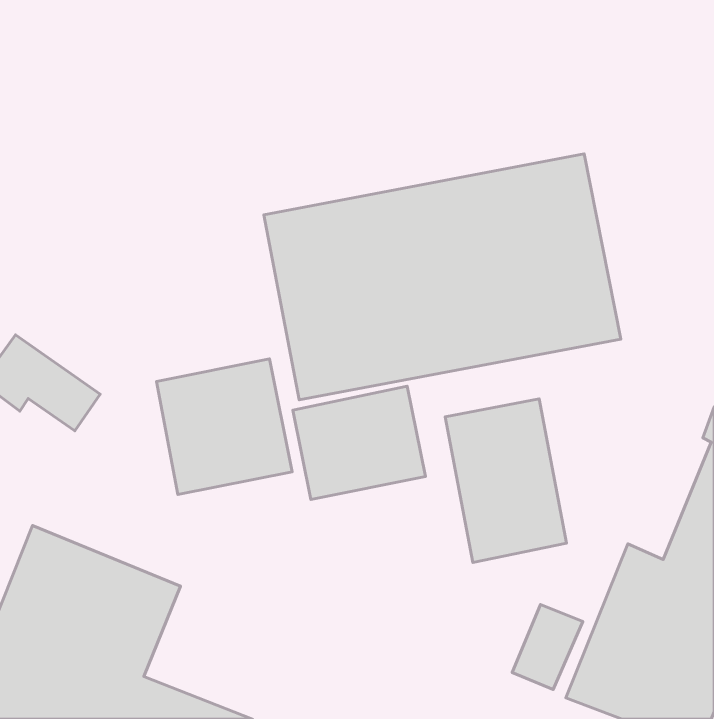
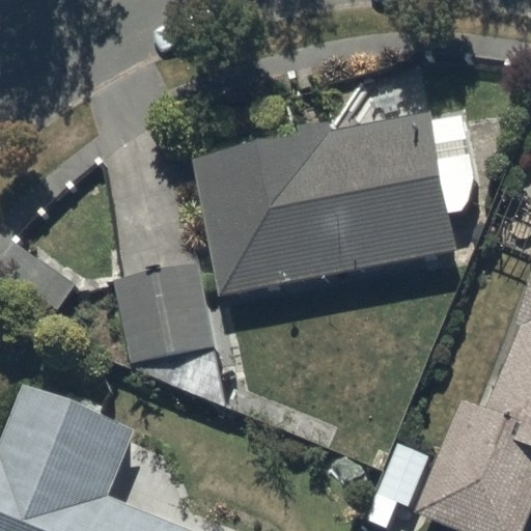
building: [293,386,425,500] -> none
building: [445,399,566,563] -> none

